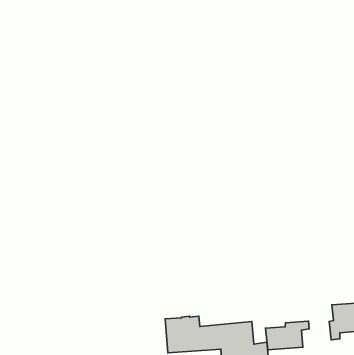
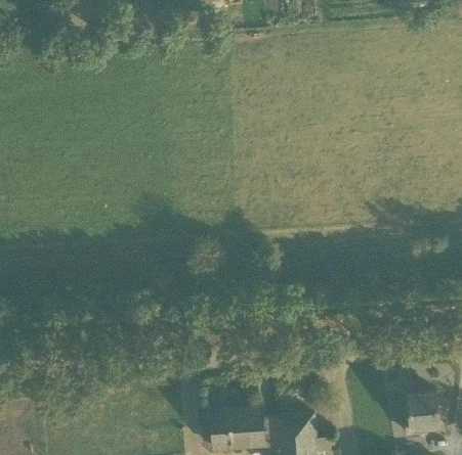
building: [265,321,309,350] -> none

